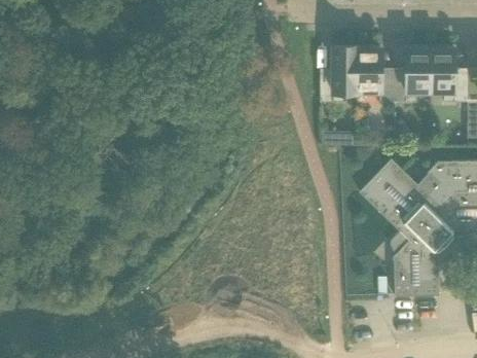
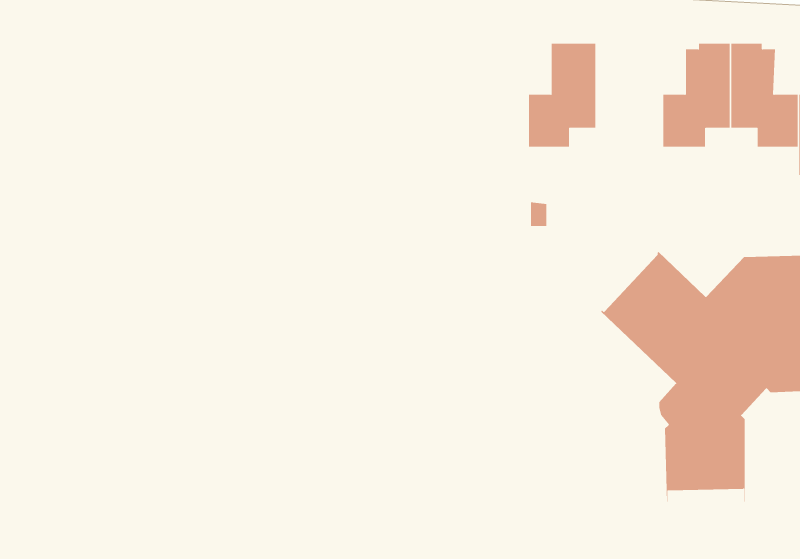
building: [357,44,393,101] -> none

